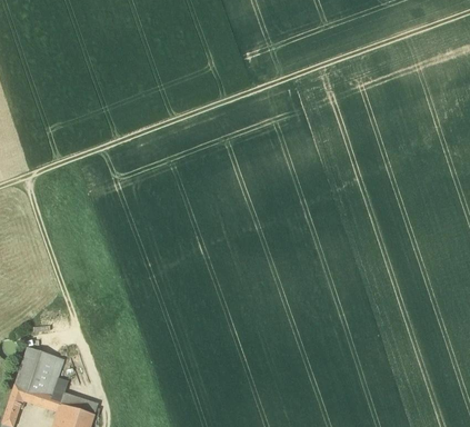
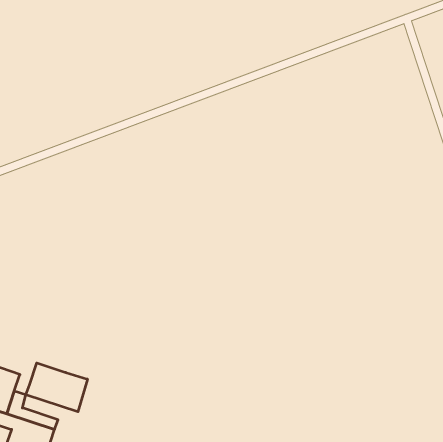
building: none -> [26,363,87,412]

